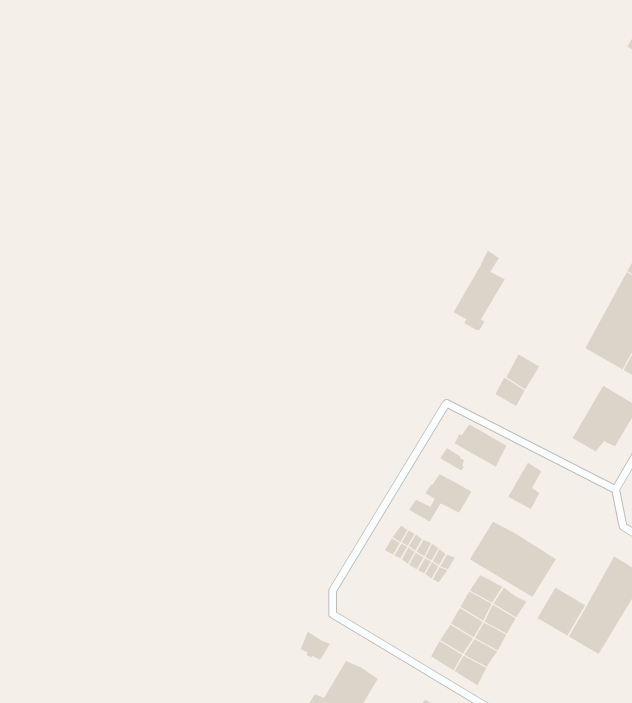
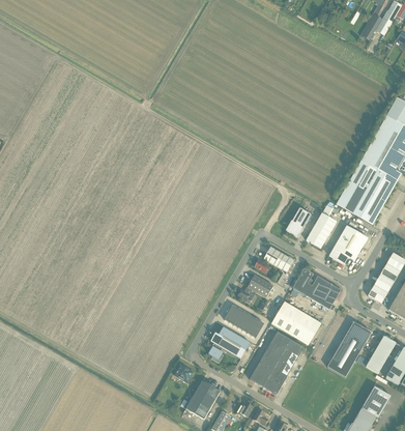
building: [453,250,506,331] -> [306,203,336,249]
building: none -> [306,275,340,311]
building: none -> [207,325,250,360]

